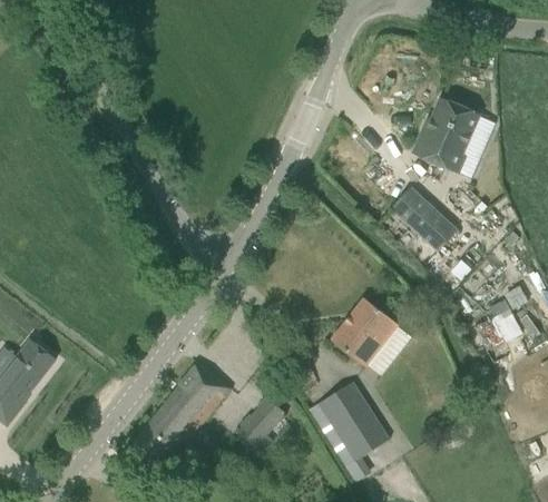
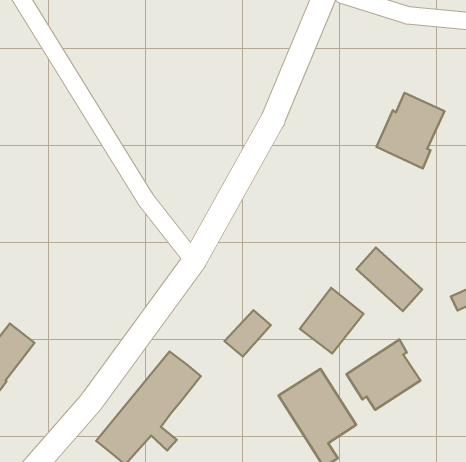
building: [391,187,459,253] -> [356,248,422,311]
building: none -> [346,340,421,410]
building: [237,398,285,446] -> [224,310,271,356]

